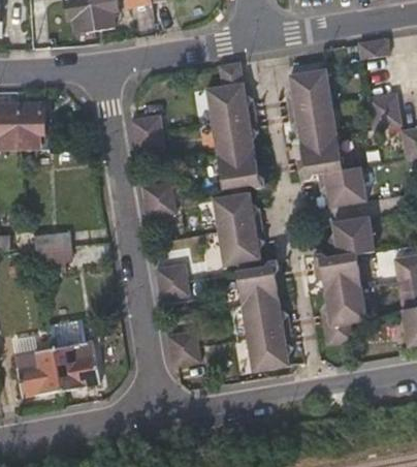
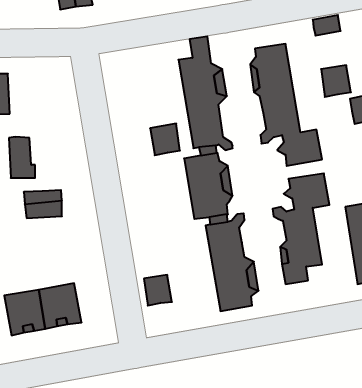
building: [19,103,47,149] -> [9,137,35,178]
building: [130,114,163,149] -> none
building: [141,182,174,217] -> [150,124,180,155]
building: [158,263,189,300] -> none

